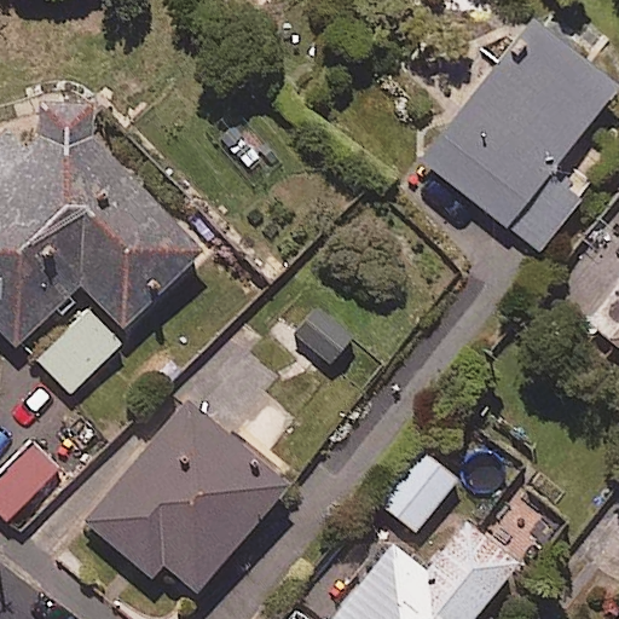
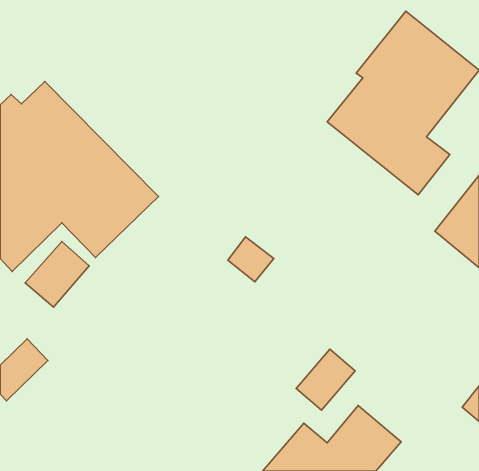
building: [82,404,288,595] -> none

